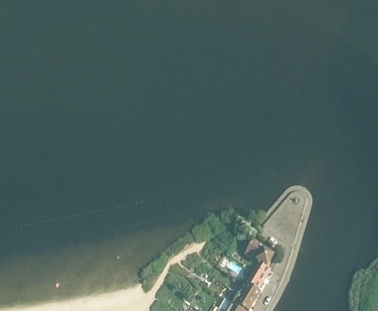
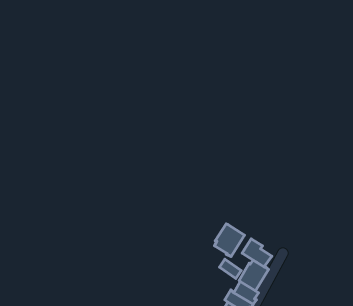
building: none -> [214,224,244,257]

